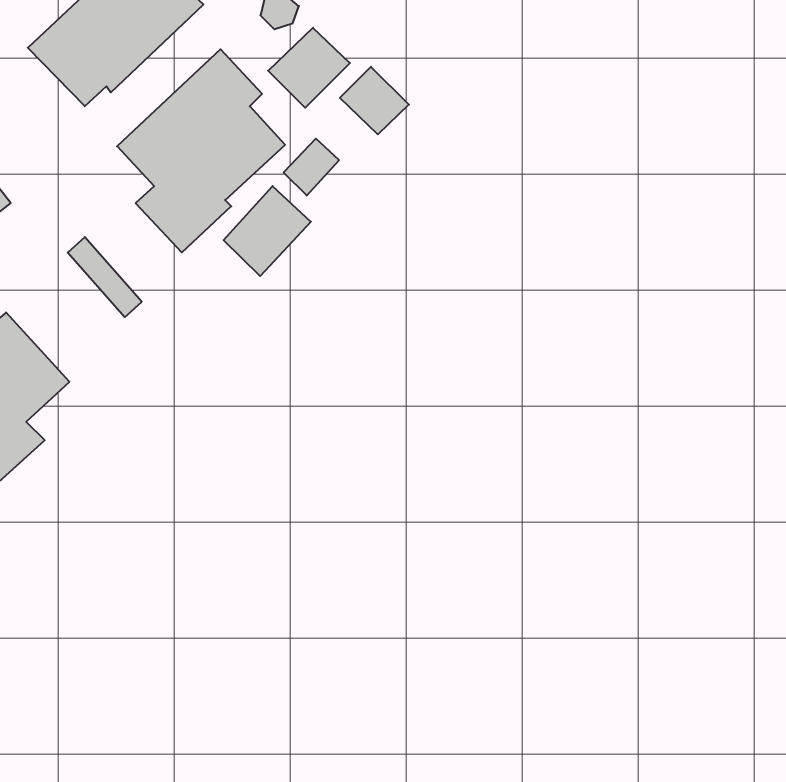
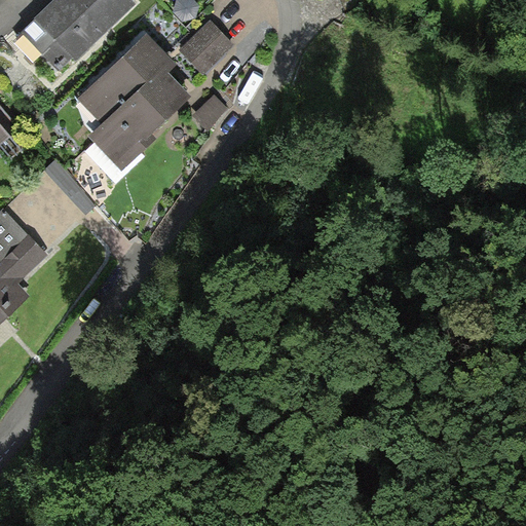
building: [340,67,409,134] -> none
building: [224,186,311,276] -> none

